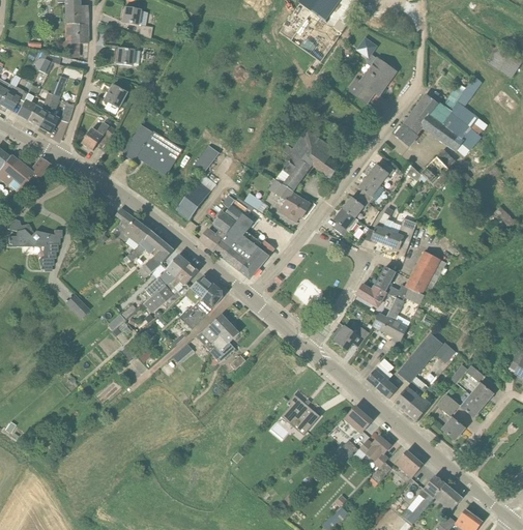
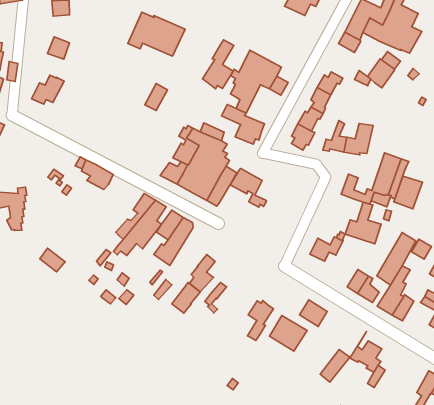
building: none -> [202,40,234,89]
building: [123,124,182,173] -> [128,12,185,56]
building: [176,180,210,218] -> none
building: [124,230,174,277] -> none
building: none -> [230,169,266,207]
building: none -> [394,176,422,209]
building: [356,284,387,306] -> none
building: [202,313,232,343] -> [172,282,200,313]
building: none -> [247,301,273,340]
building: [344,405,372,433] -> [300,300,327,326]
building: [395,449,424,482] -> none

